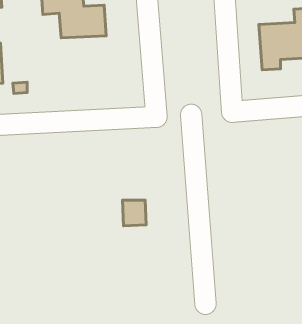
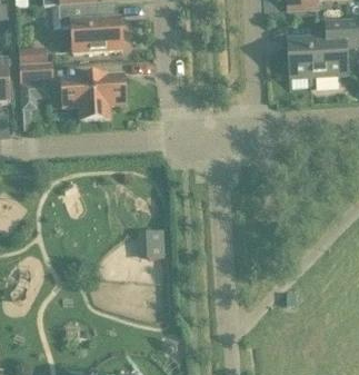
building: none -> [18,63,52,85]
building: none -> [60,75,124,119]

